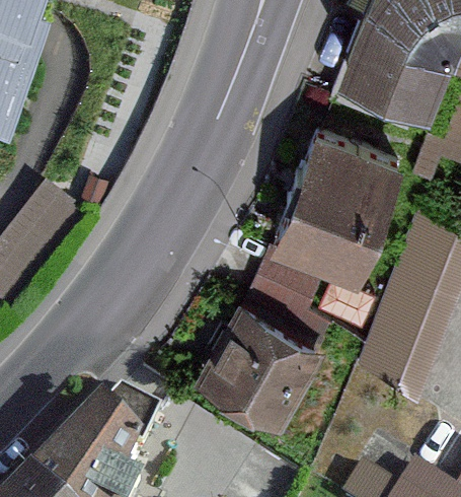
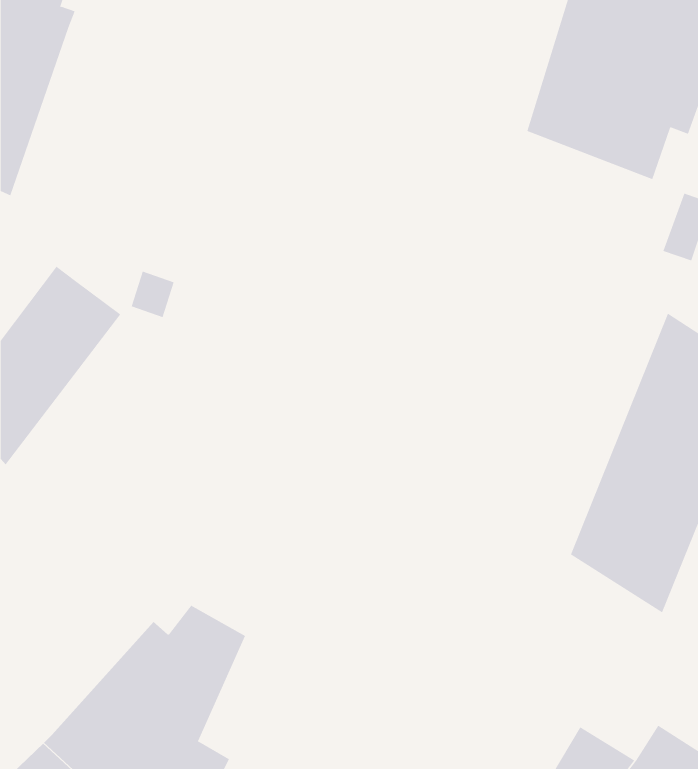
building: [276,127,399,270] -> none
building: [249,243,325,315] -> none
building: [197,299,321,421] -> none

